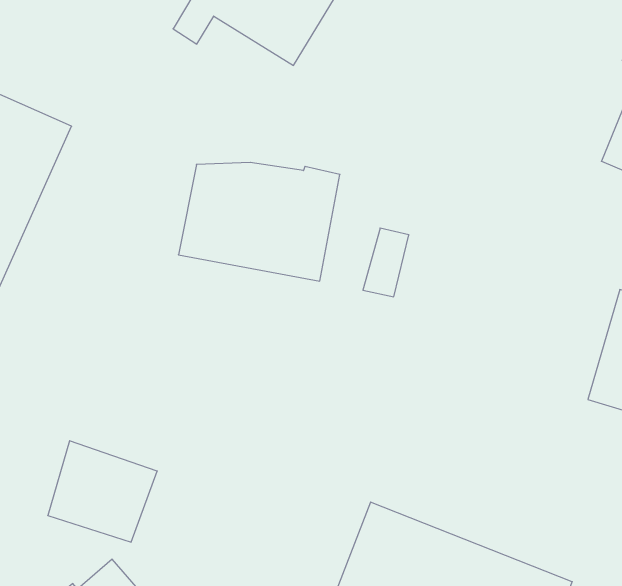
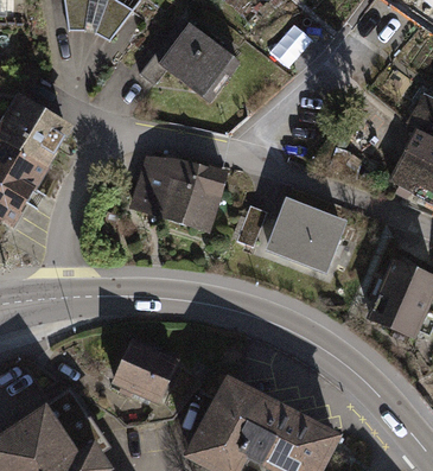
building: none -> [267,197,349,274]
building: [48,441,157,542] -> [110,337,178,401]

